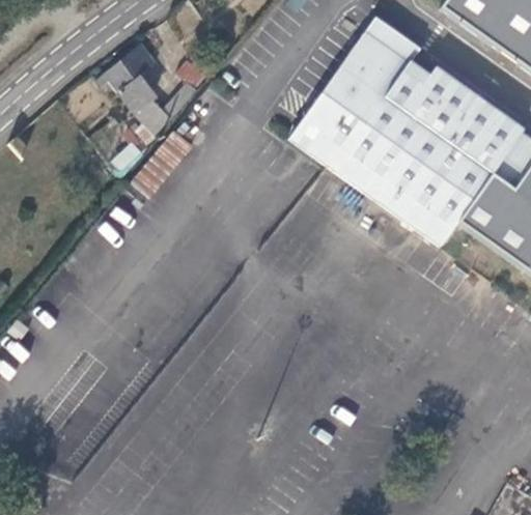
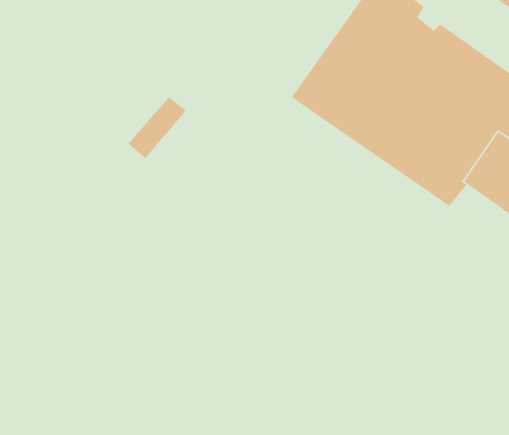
building: [96,48,202,138] -> none

